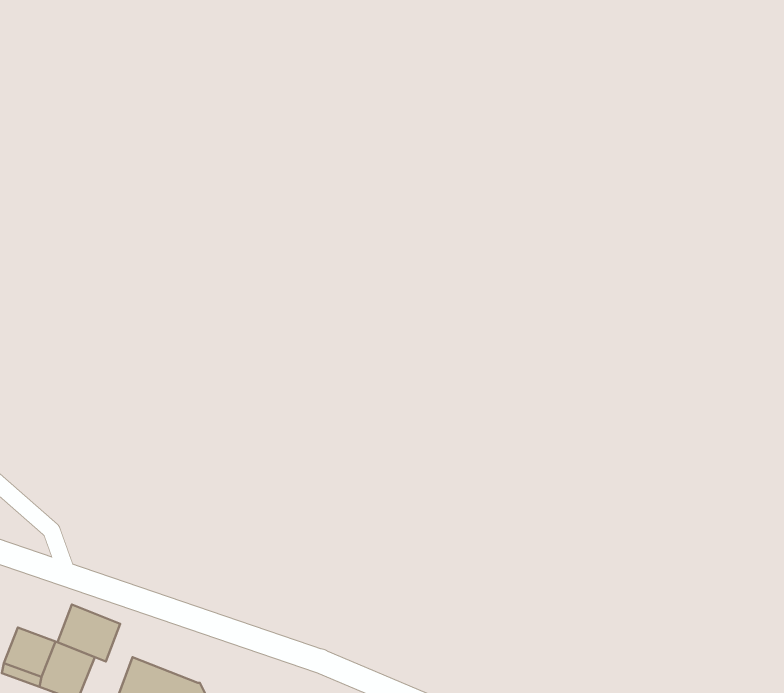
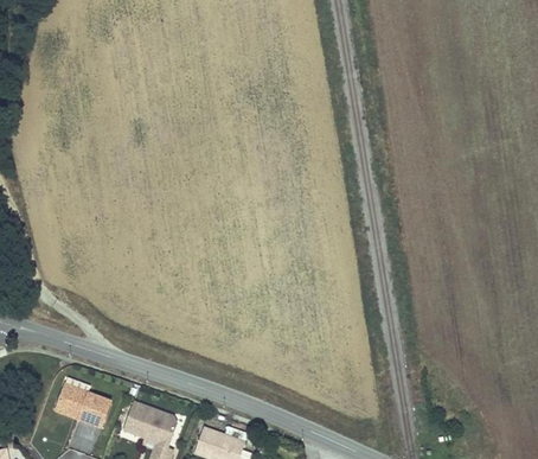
building: [58,604,120,662] -> none

